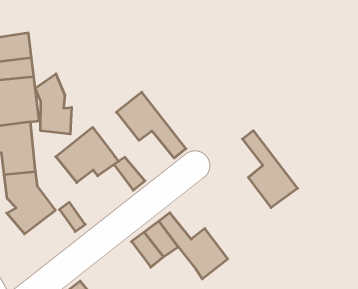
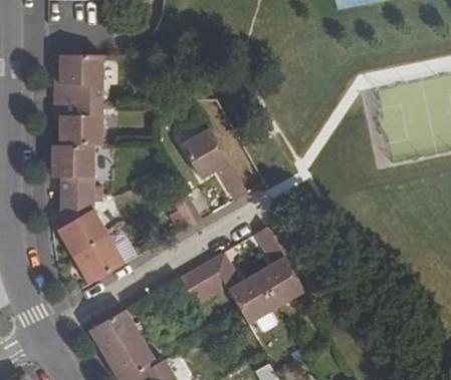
building: [35,74,72,134] -> none
building: [56,127,119,183] -> none
building: [242,131,298,208] -> [254,228,303,307]
building: none -> [73,237,124,284]

